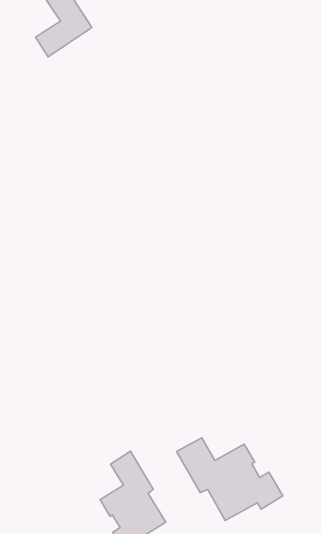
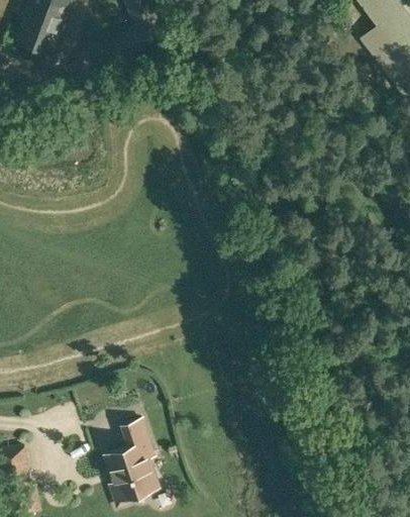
building: [177,438,283,520] -> none

